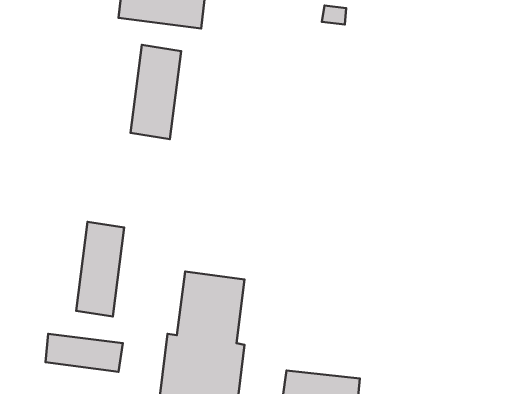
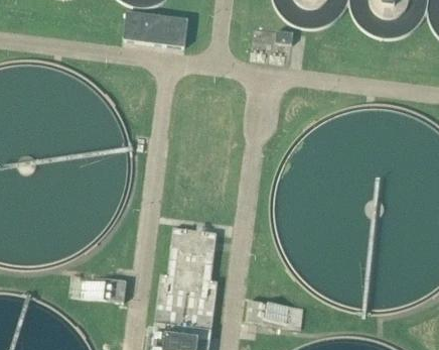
building: [130,45,181,139] -> none
building: [76,222,124,316] -> none

